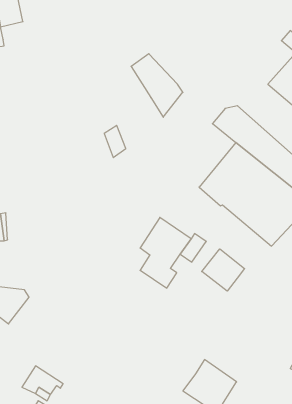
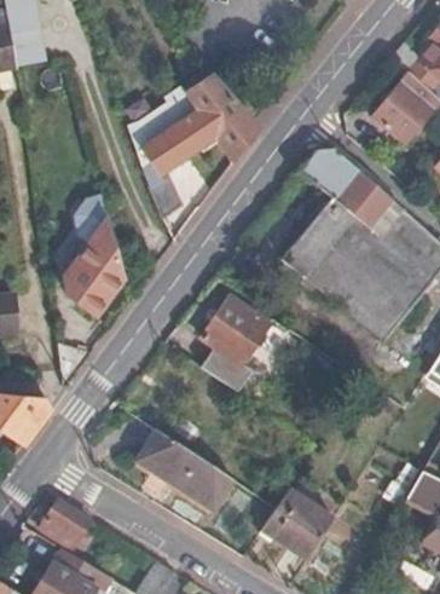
building: none -> [139,94,214,174]
building: none -> [66,224,123,301]
building: [202,249,245,291] -> none
building: none -> [135,432,231,511]

